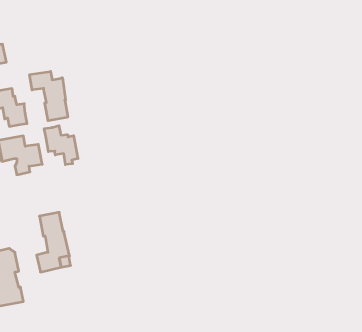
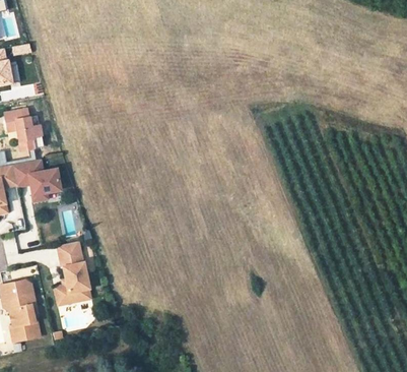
building: [30,71,68,121] -> none
building: [44,126,78,165] -> none

